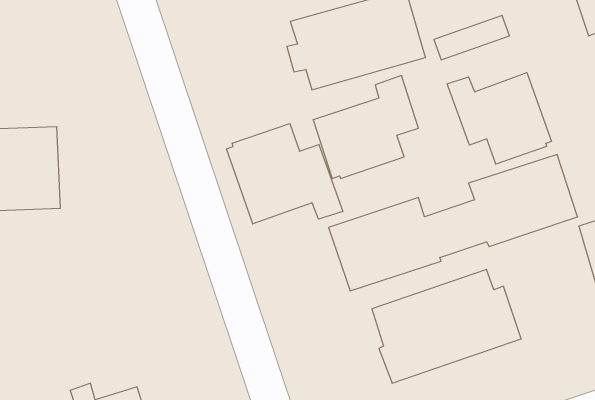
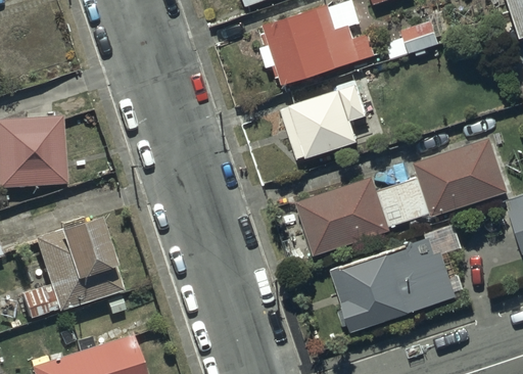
building: [447,73,551,164] -> none
building: [227,124,343,224] -> none
building: none -> [20,218,118,319]

